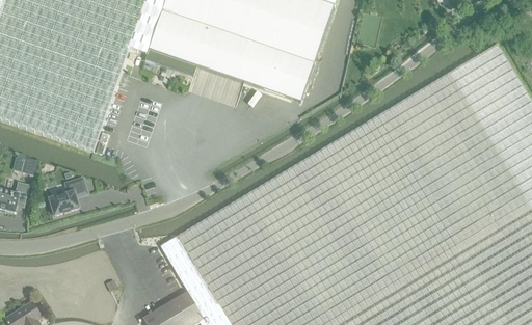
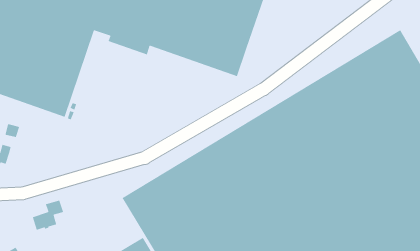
building: [50,178,88,215] -> [32,199,64,231]

